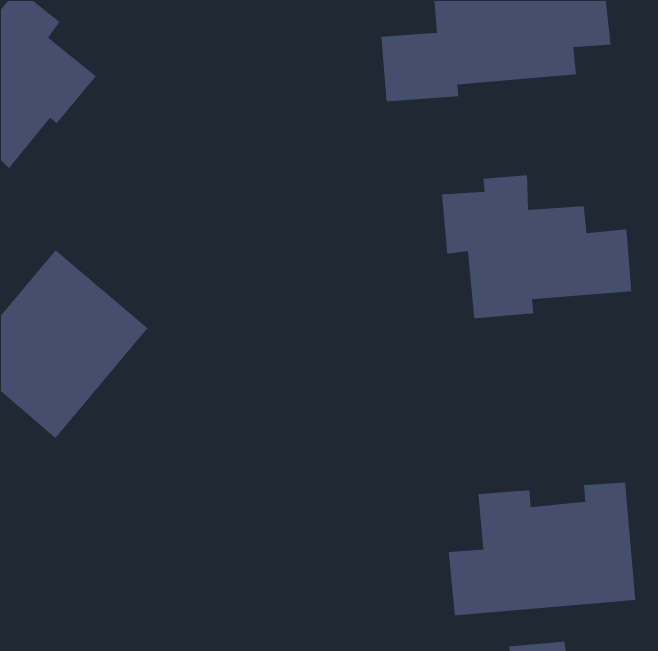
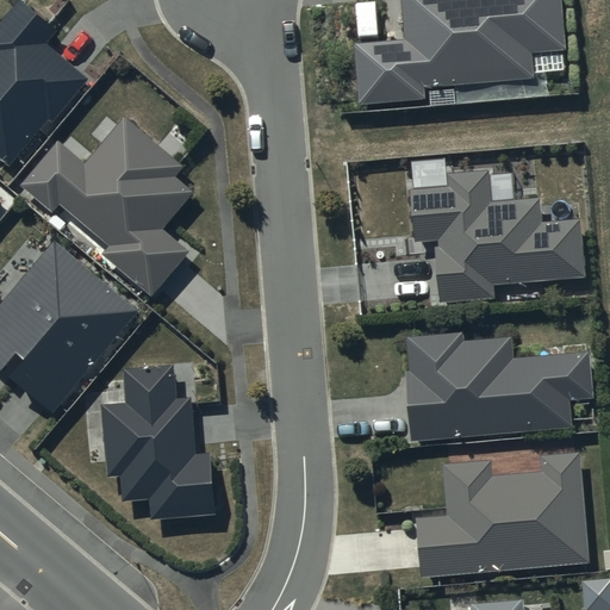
building: none -> [20,116,194,295]
building: none -> [404,331,593,440]
building: none -> [101,365,217,519]

